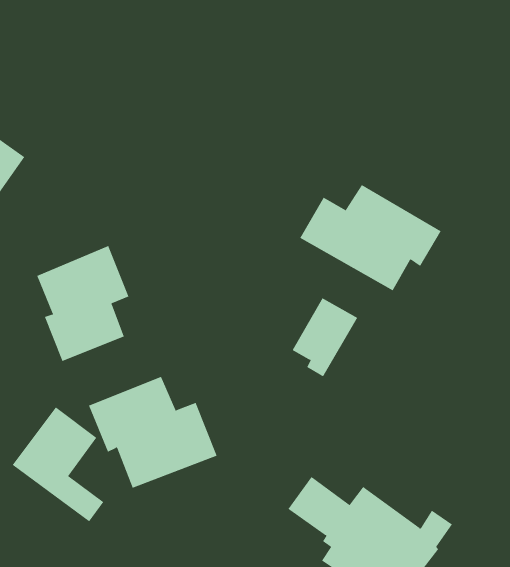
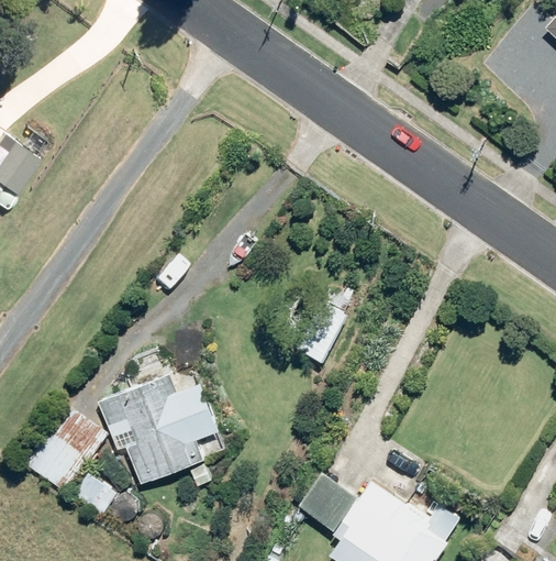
building: [299,184,442,291] -> none
building: [36,245,129,362] -> none

